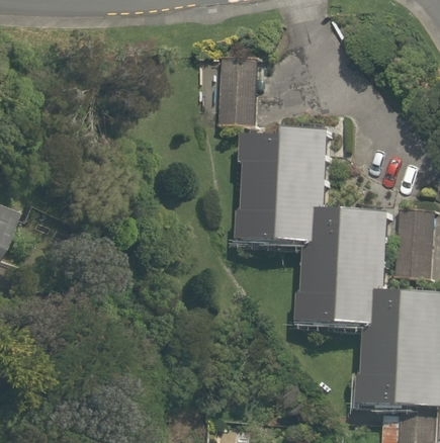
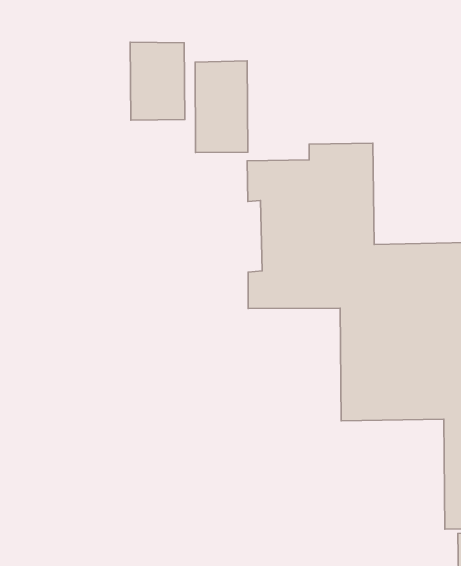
building: none -> [130,42,185,120]

